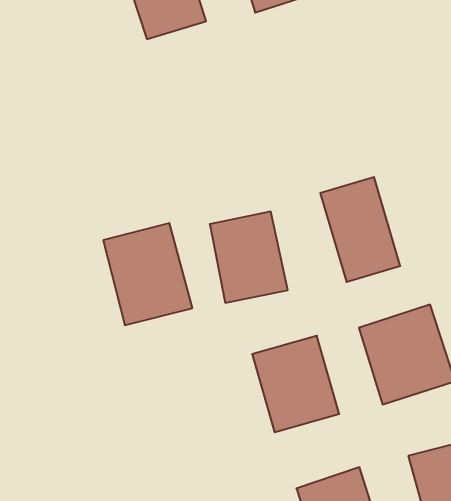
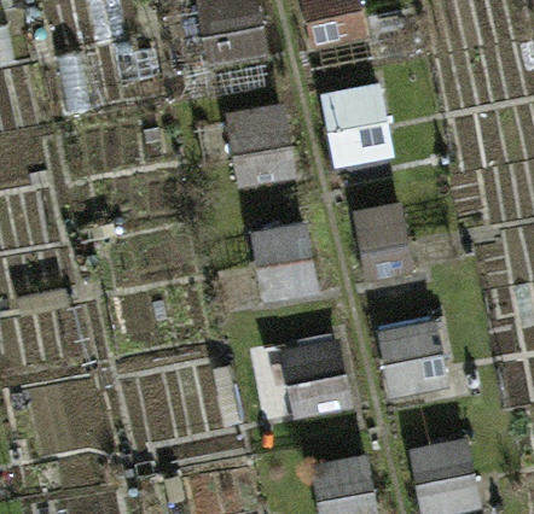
building: none -> [324,83,391,168]
building: [103,223,192,325] -> [226,101,298,187]

